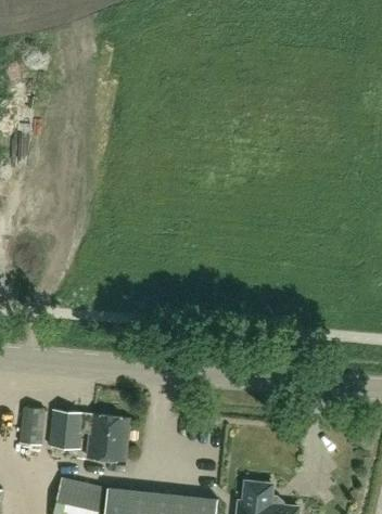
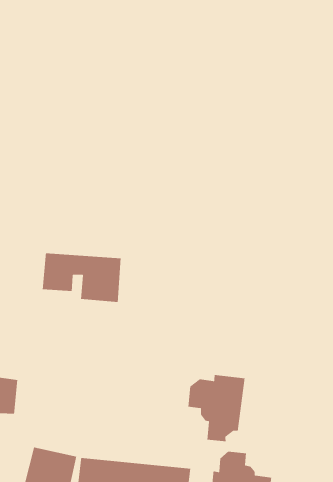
building: none -> [187,374,245,442]
building: [49,410,128,460] -> [42,252,122,303]

